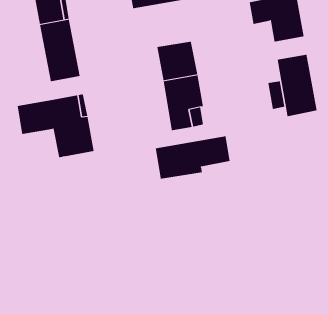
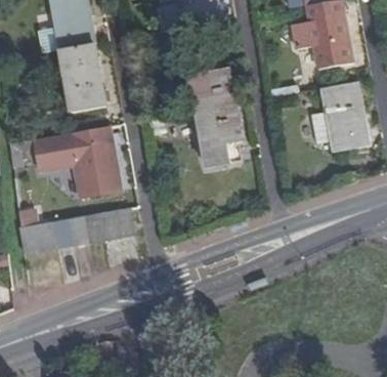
building: [155,136,230,180] -> none
building: none -> [19,208,134,254]

